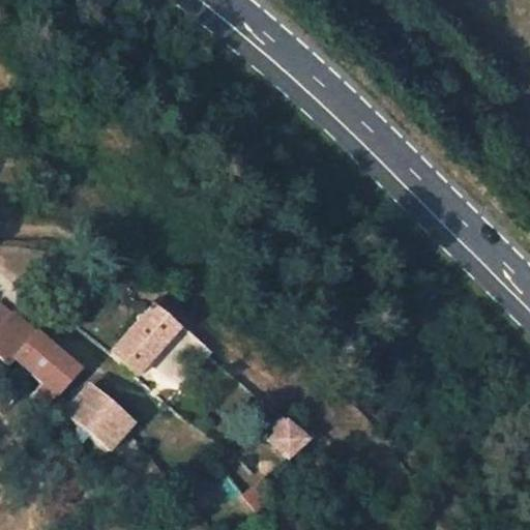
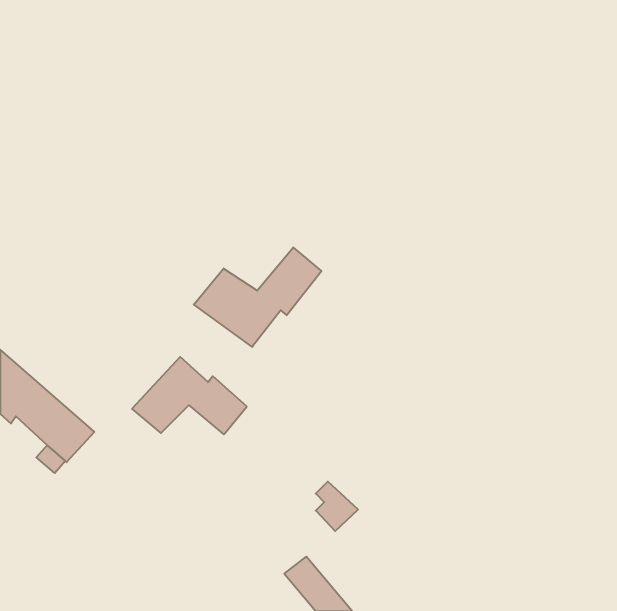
building: none -> [194,247,321,347]
building: [66,385,131,447] -> none

